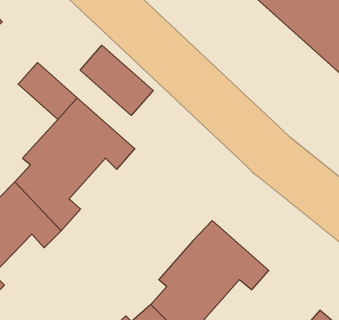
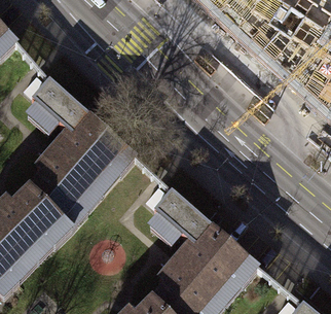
building: [80,45,153,115] -> none
building: none -> [155,189,207,239]

